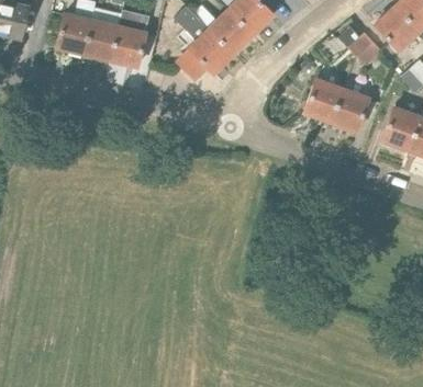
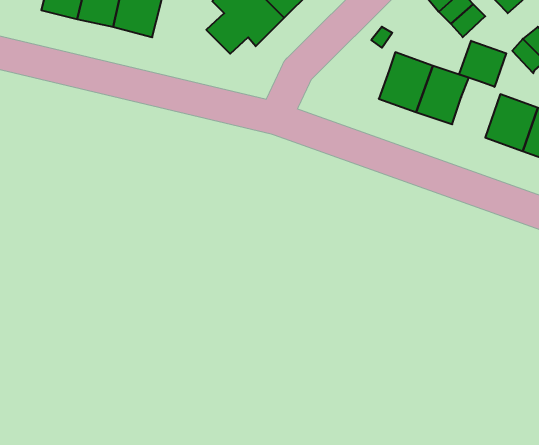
building: none -> [459,41,506,87]

